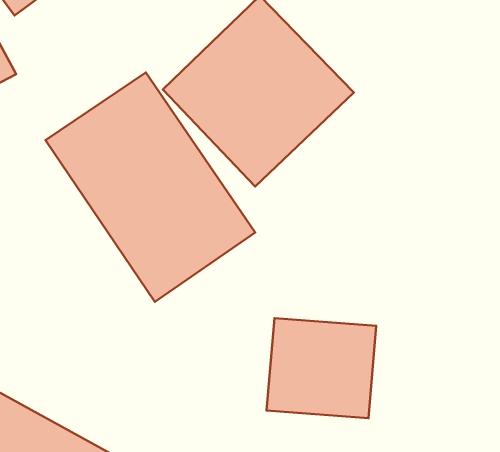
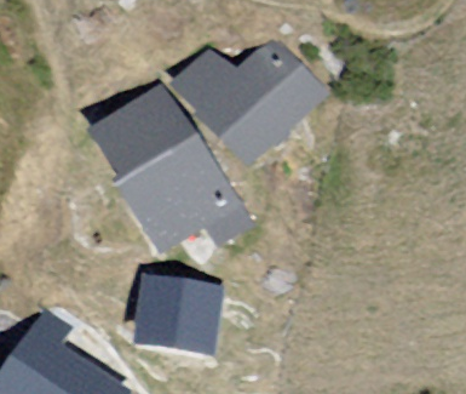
building: [267,318,376,418] -> [136,276,222,355]

